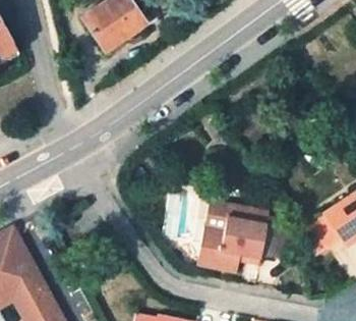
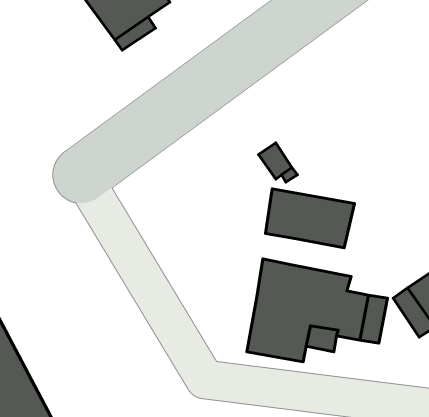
building: none -> [266,189,355,248]

